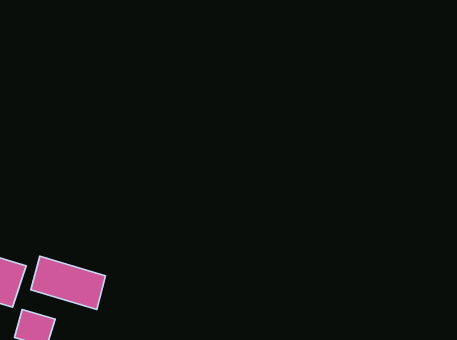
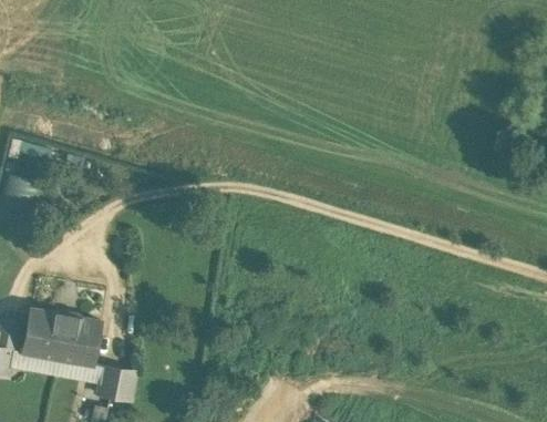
building: [31,256,106,309] -> none

